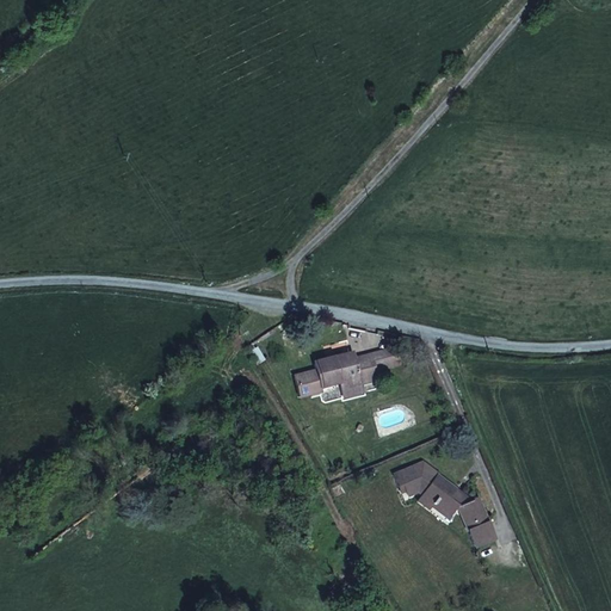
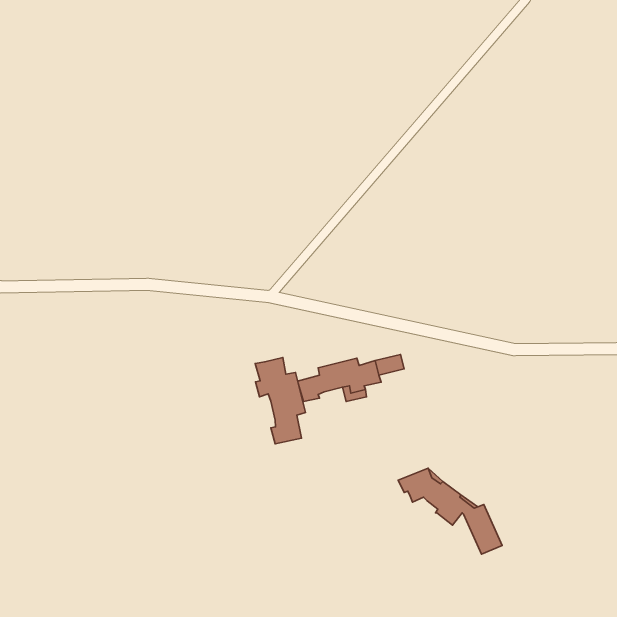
building: none -> [255,357,305,444]

